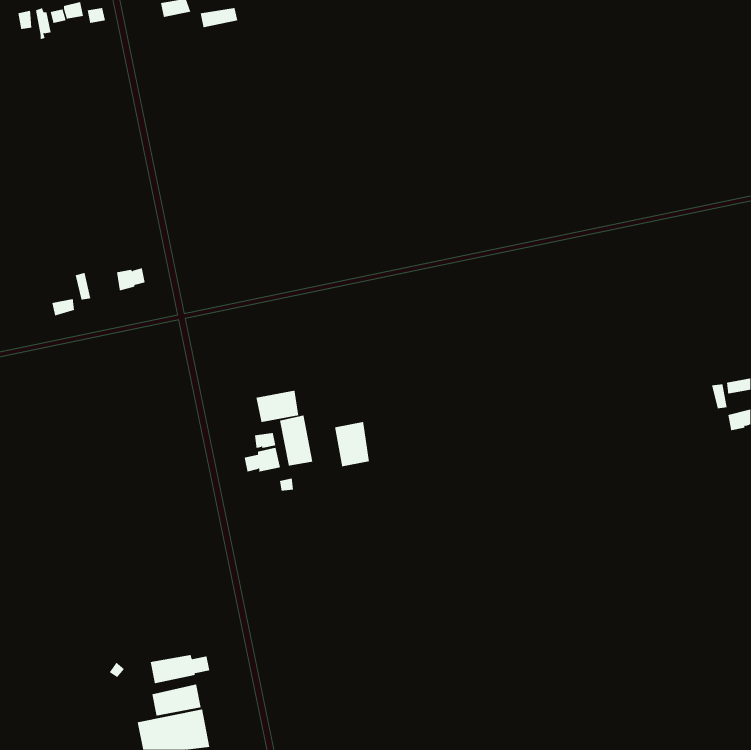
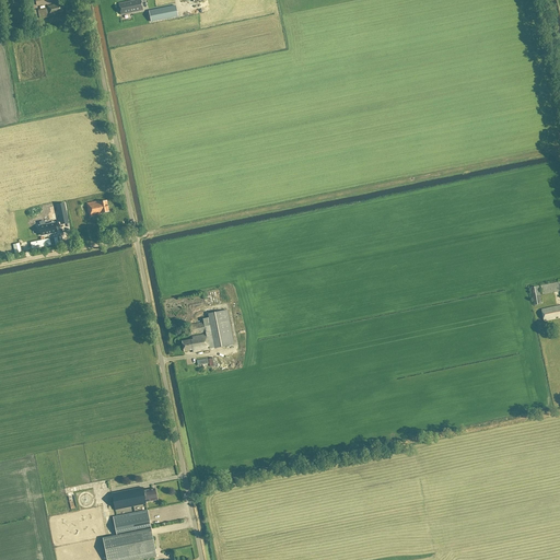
building: [256,390,299,423] -> none
building: [334,421,369,467] -> none

